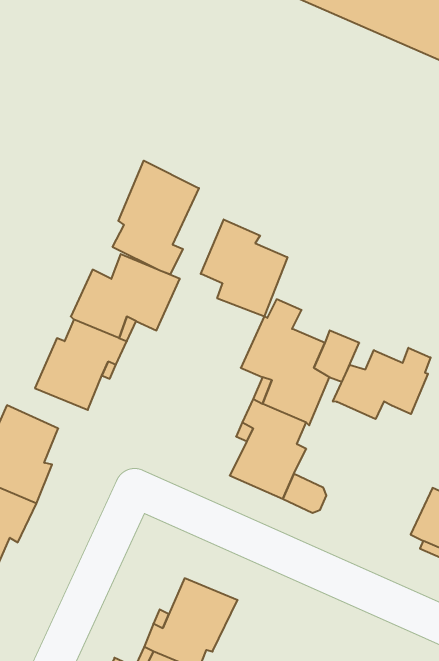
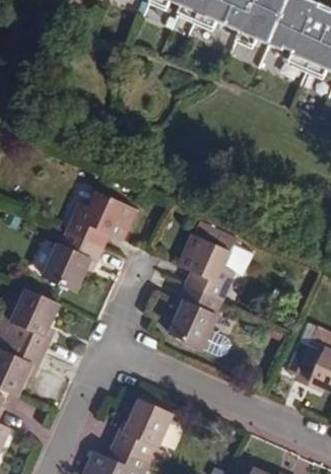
building: [113,161,199,275] -> none
building: [201,219,287,316] -> none
building: [333,348,431,419] -> none

